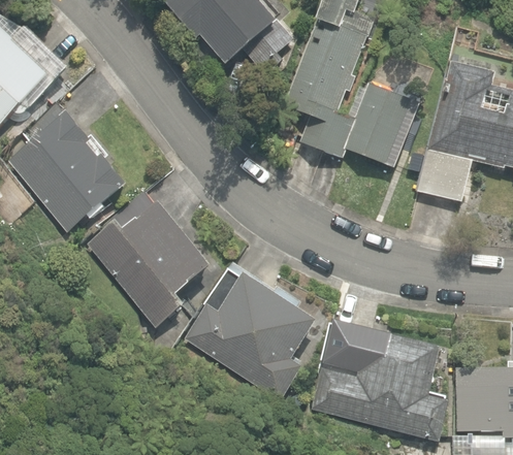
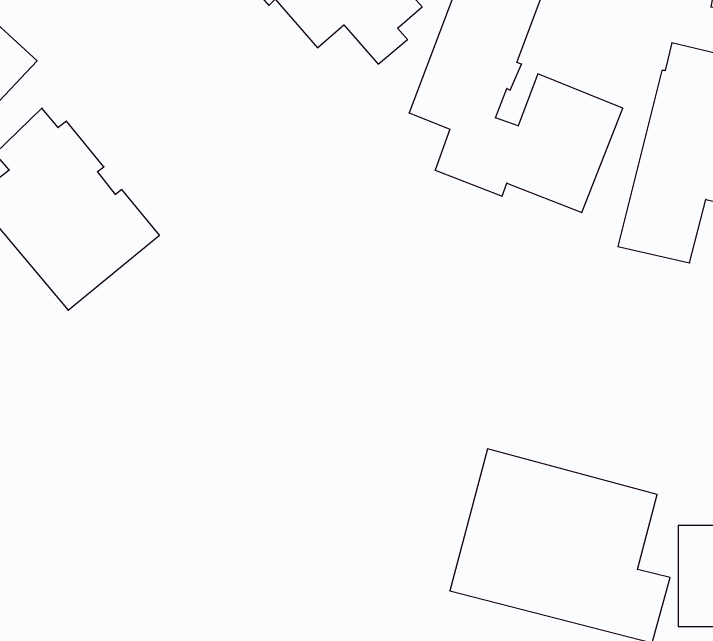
building: [87,192,210,334] -> none
building: [184,261,316,399] -> none

